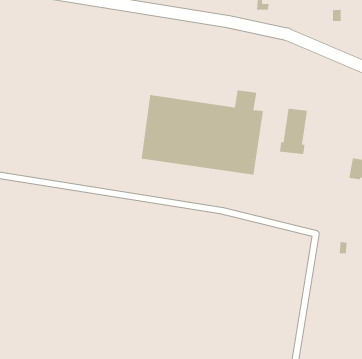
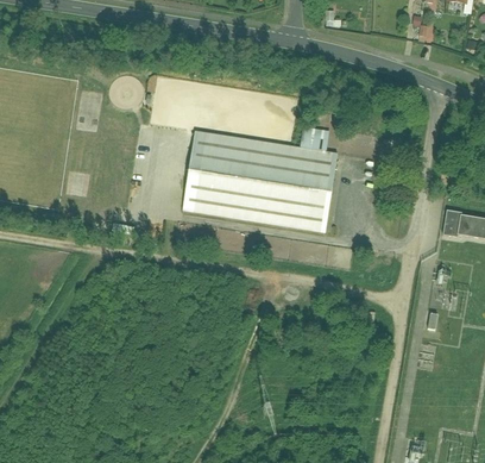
building: [279,108,308,155] -> none

